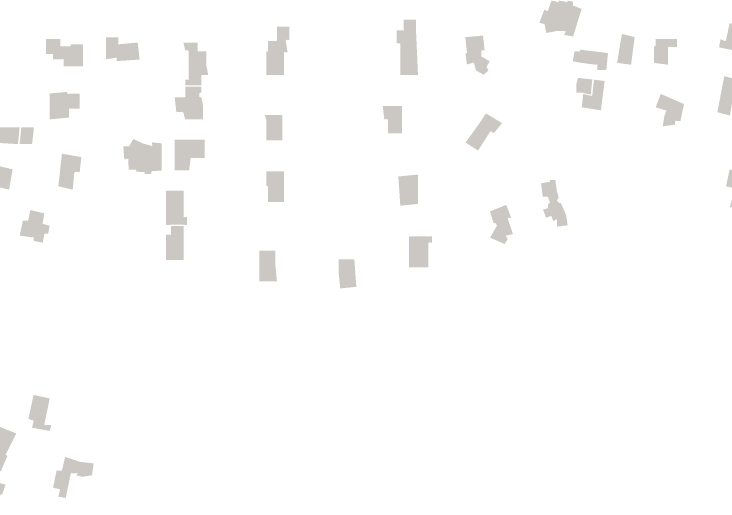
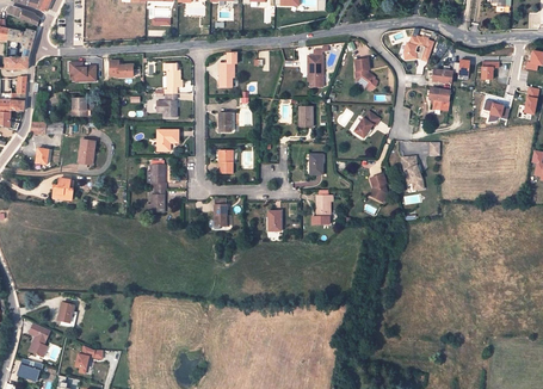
building: [123,138,162,175] -> none

